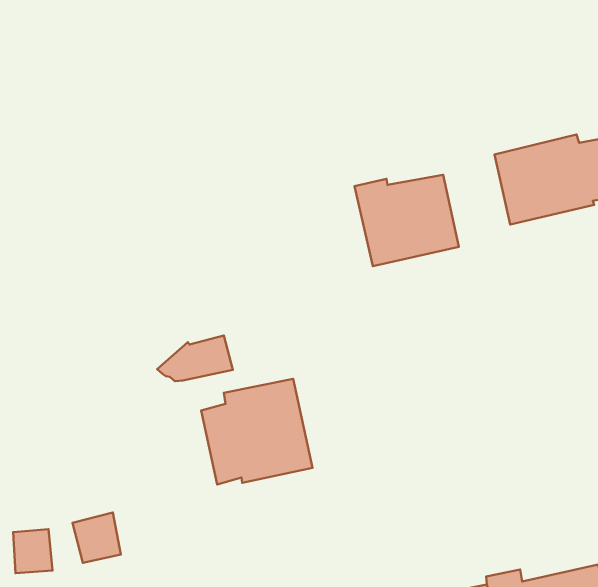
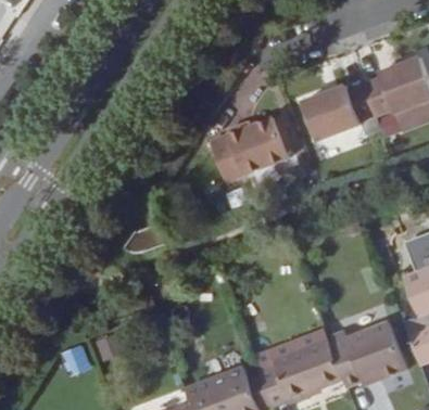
building: [201,379,313,485] -> none

